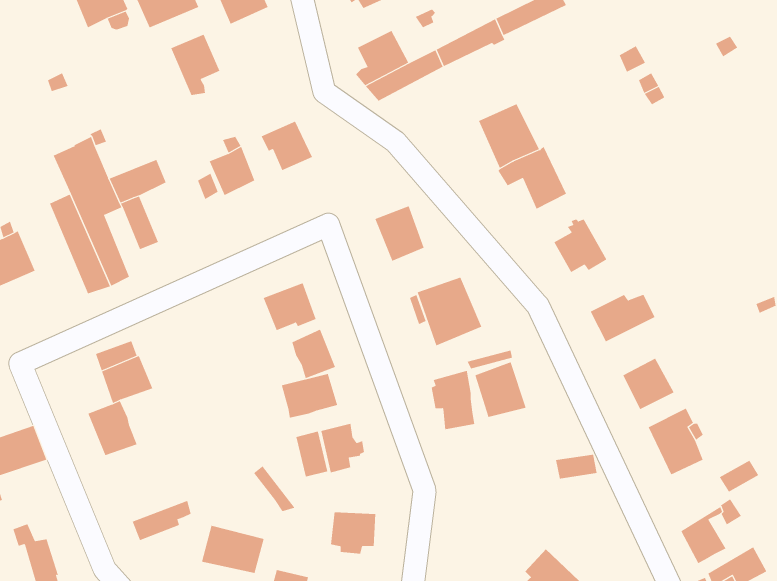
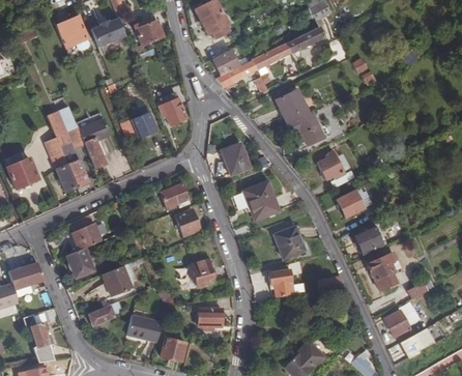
building: [171,34,220,96] -> none
building: [431,370,475,430] -> [268,264,292,296]
building: [281,373,338,419] -> none
building: none -> [103,266,132,296]

